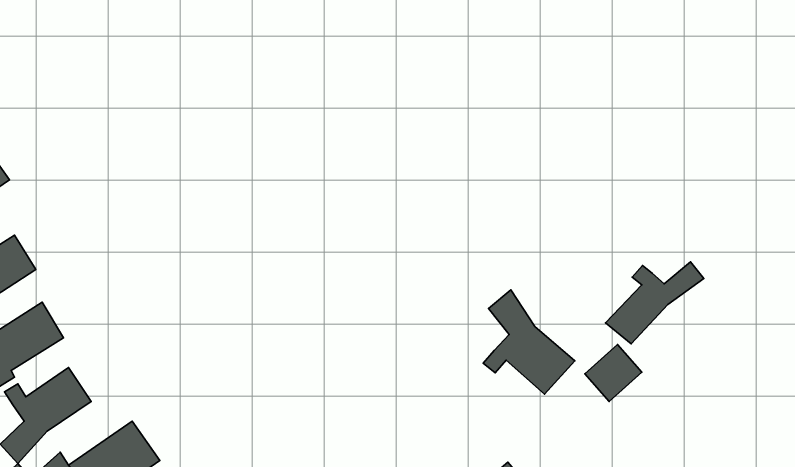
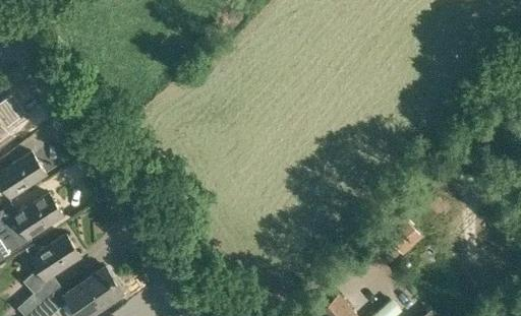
building: [606,262,704,344] -> none
building: [483,290,575,394] -> none

